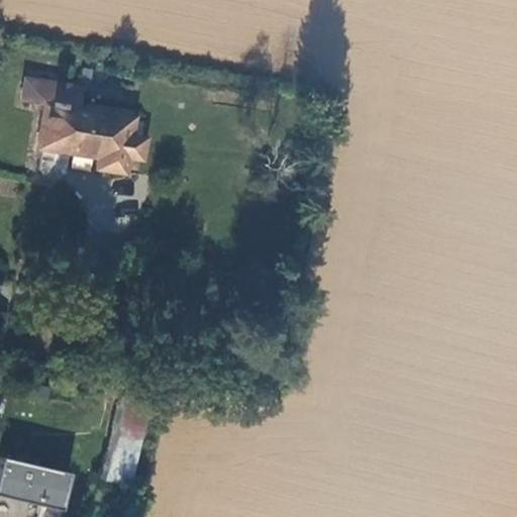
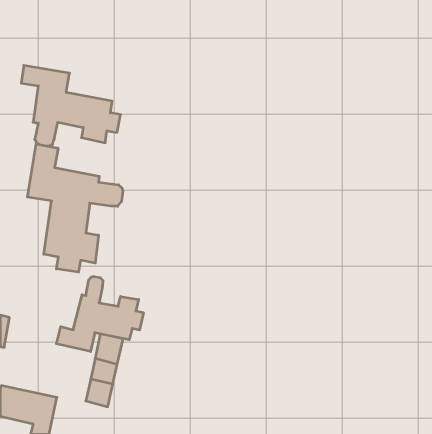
building: none -> [27,144,123,272]
building: none -> [56,276,143,352]

